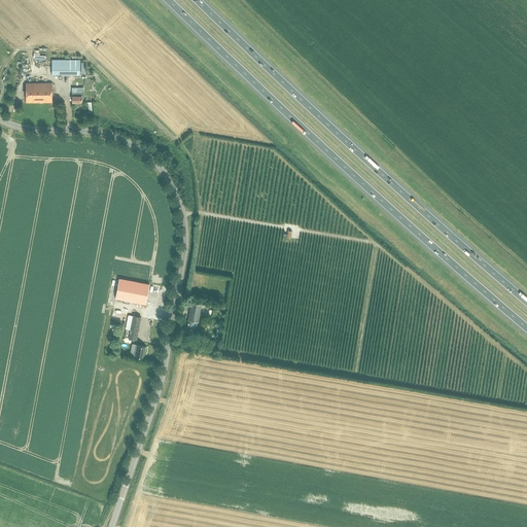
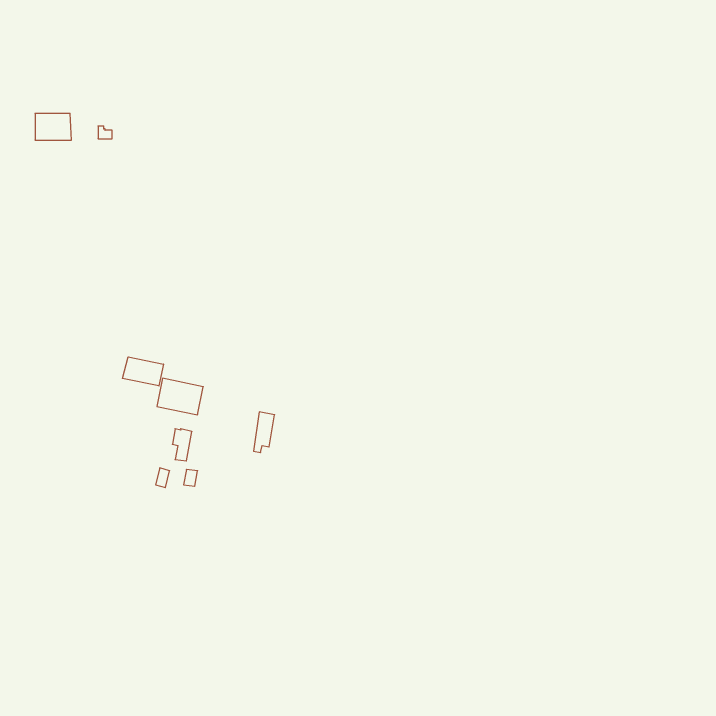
building: [51,60,80,74] -> none
building: none -> [122,357,163,386]

